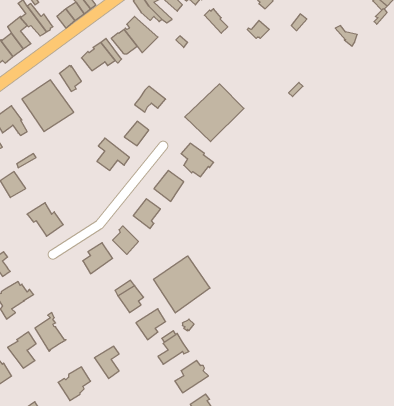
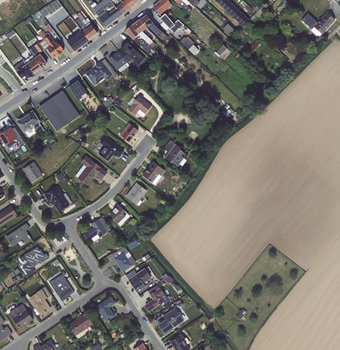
building: [185,84,244,142] -> none
building: none -> [75,155,107,185]
building: [154,256,210,313] -> none

